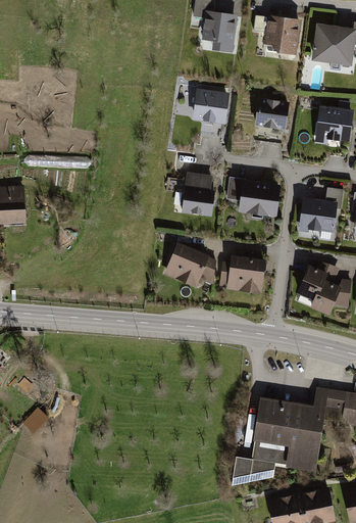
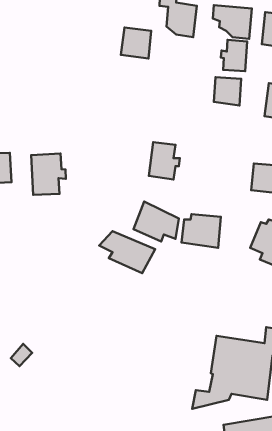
building: none -> [221,40,247,71]
building: [193,89,227,125] -> [121,27,151,59]
building: [227,178,281,218] -> none
building: none -> [31,153,66,195]
building: none -> [99,231,155,273]

